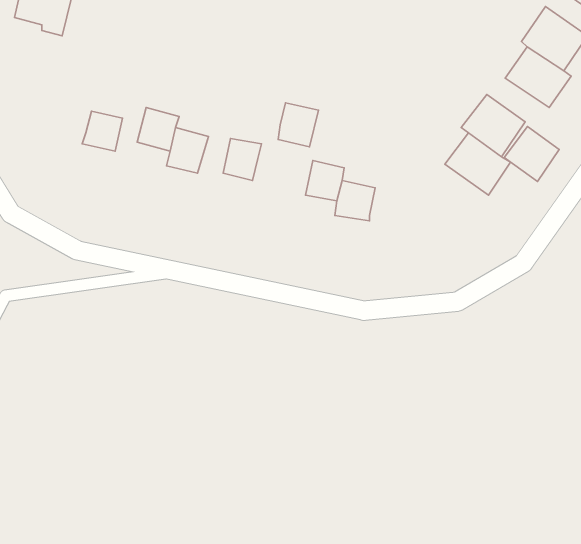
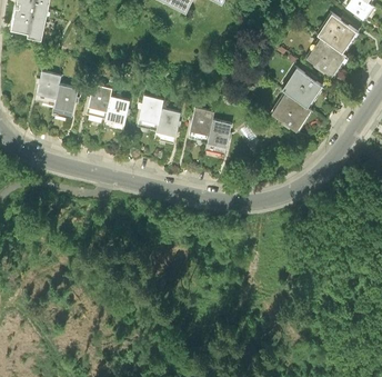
building: none -> [33,70,59,97]
building: [278,103,319,147] -> [154,112,179,139]
building: [504,126,559,182] -> none

